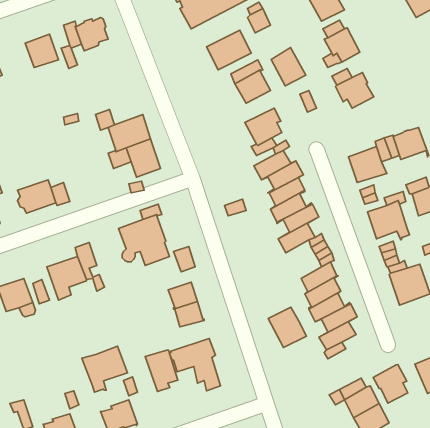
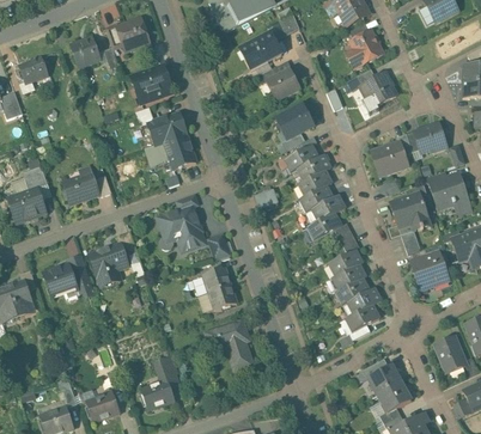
building: [271,47,306,86] -> none
building: none -> [130,65,172,103]
building: [268,307,306,348] -> none
building: [82,346,127,392] -> none
building: [145,350,178,392] -> none
building: [373,365,408,403] -> none

